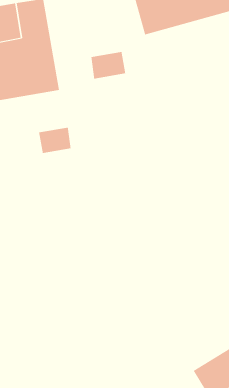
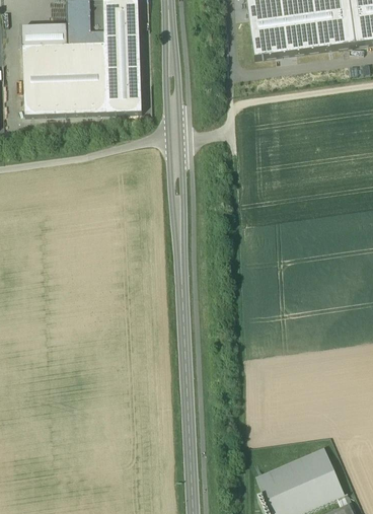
building: [91,51,126,79] -> none
building: [39,127,71,154] -> none

